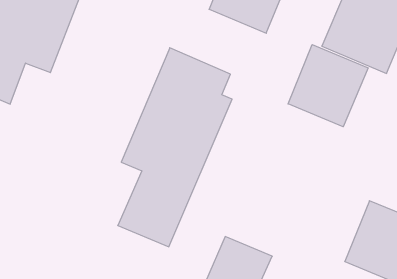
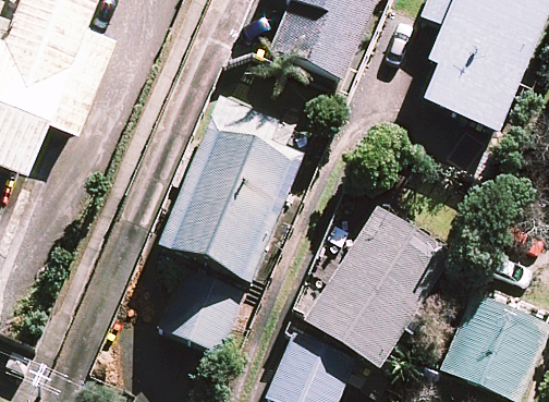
building: [288,45,368,127] -> none
building: none -> [306,207,450,365]

